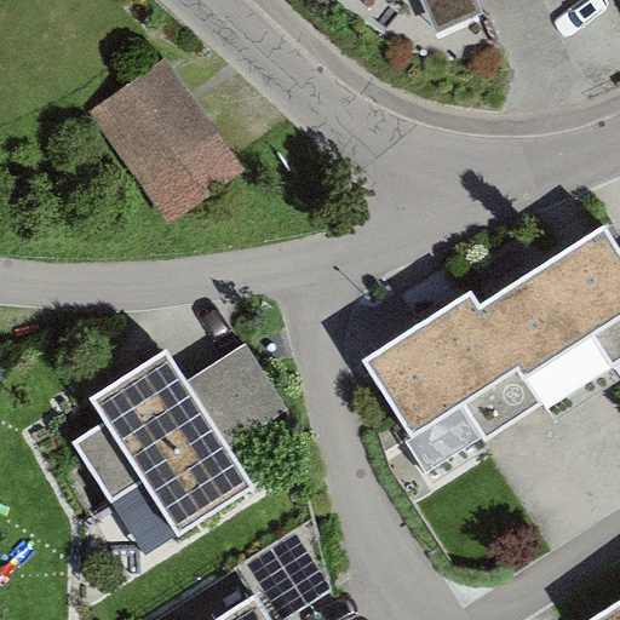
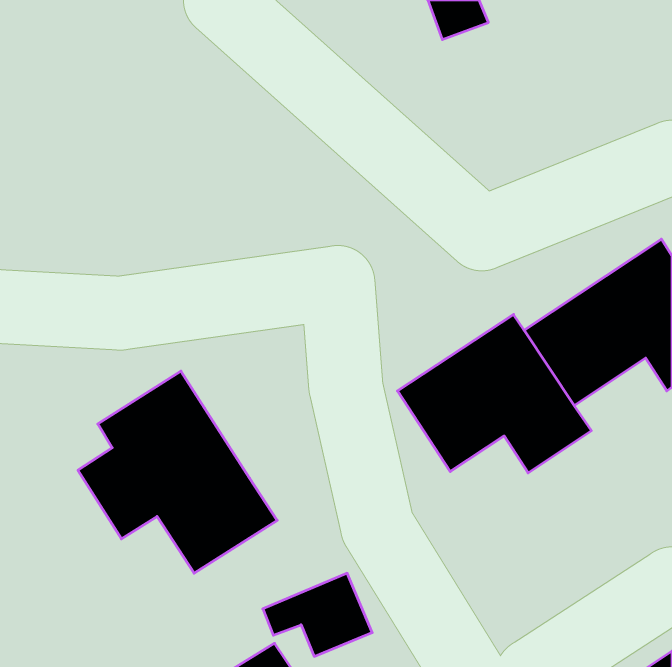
building: [90,62,243,224] -> none
building: [188,344,288,446] -> none

